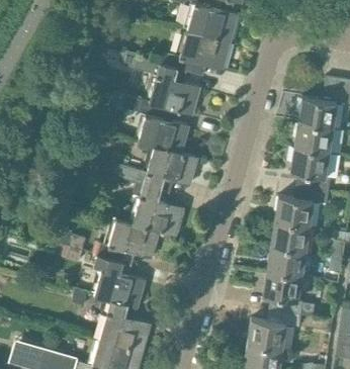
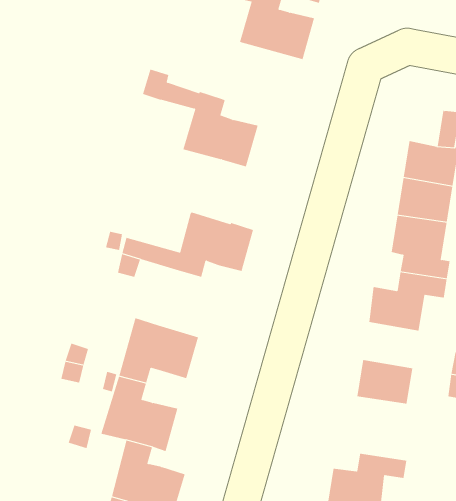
building: [176,30,231,74] -> none
building: [109,93,188,154] -> none
building: [133,185,183,236] -> none
building: [271,220,310,252] -> none
building: [263,271,303,314] -> none

